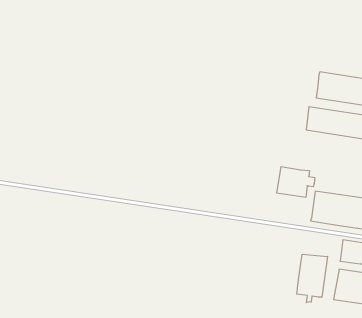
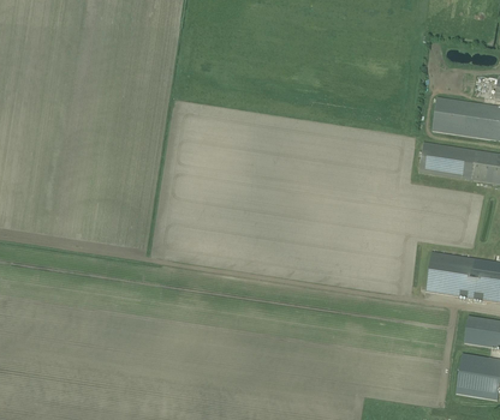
building: [277,167,315,197] -> none
building: [297,254,328,303] -> none

